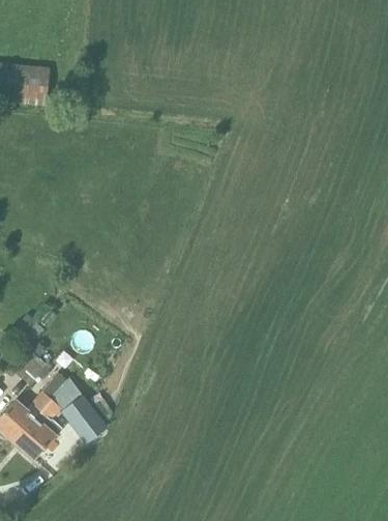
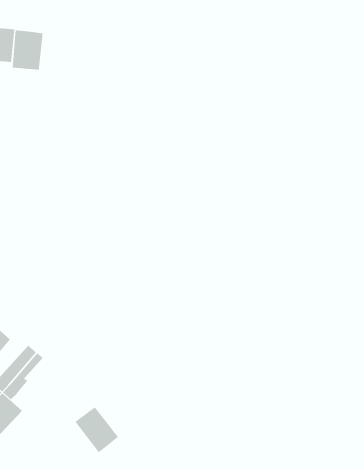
building: none -> [12,30,43,70]
building: [64,398,107,442] -> [75,407,119,453]

